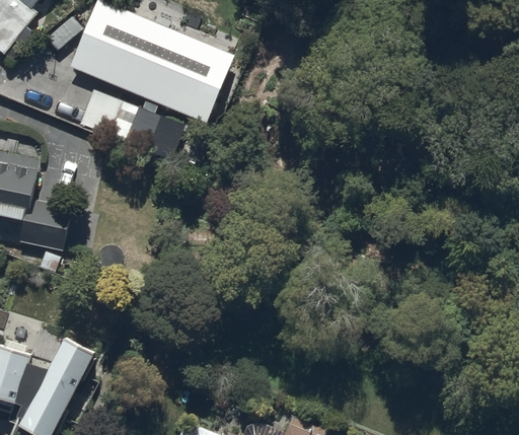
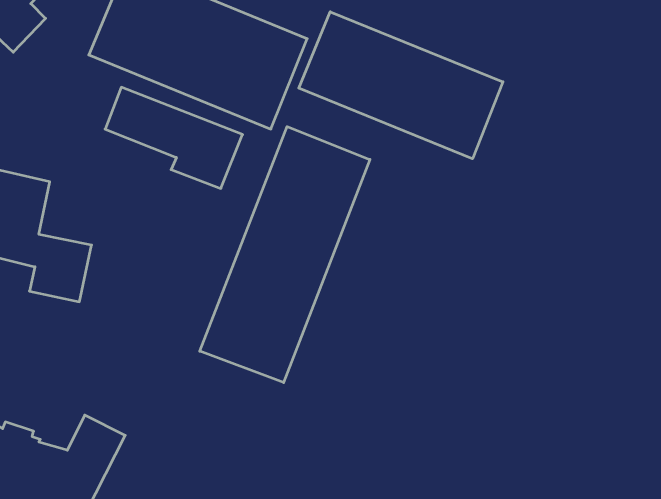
building: none -> [299,12,503,159]
building: none -> [200,127,370,383]

